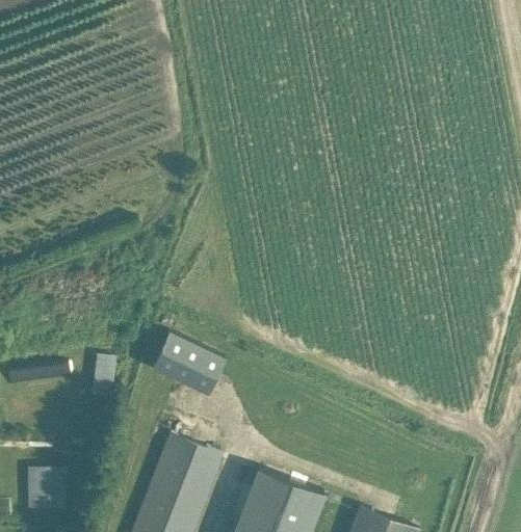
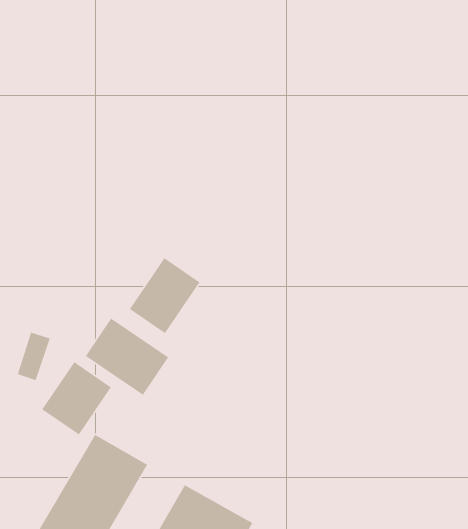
building: none -> [129,257,201,334]
building: none -> [41,361,112,436]

